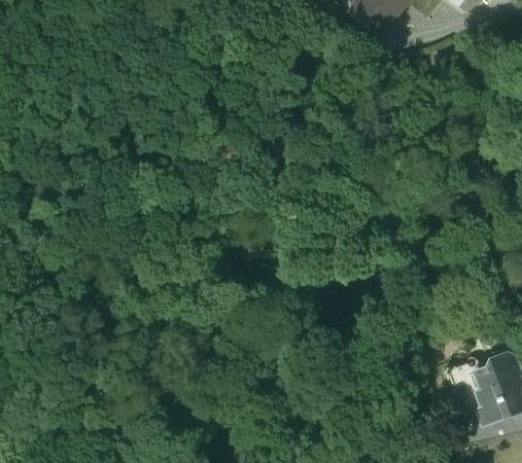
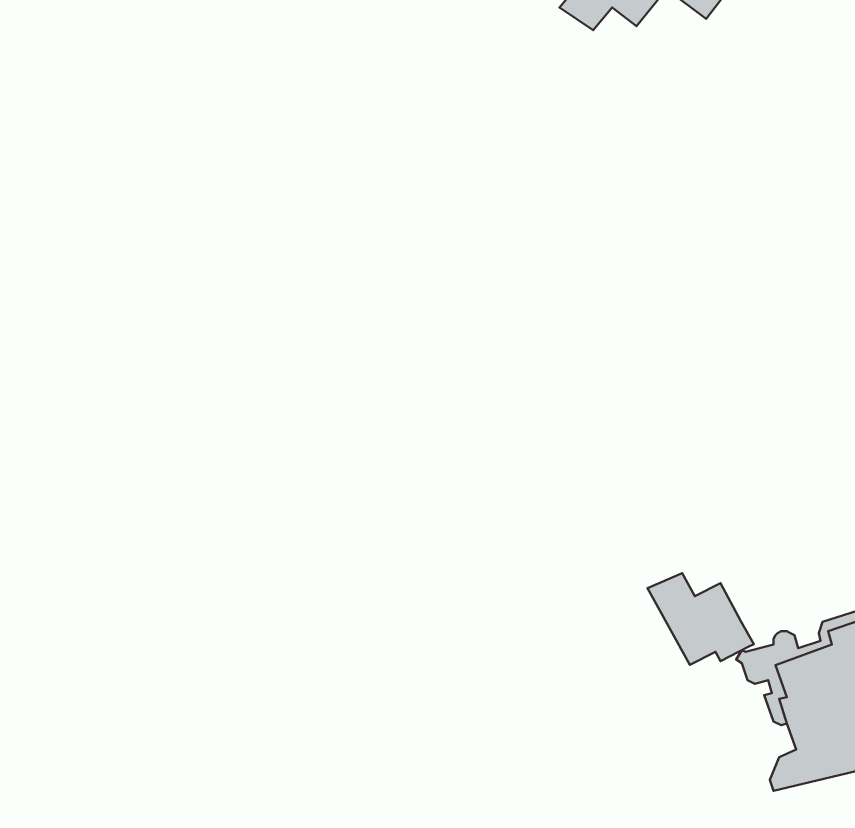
building: none -> [647,573,754,665]

